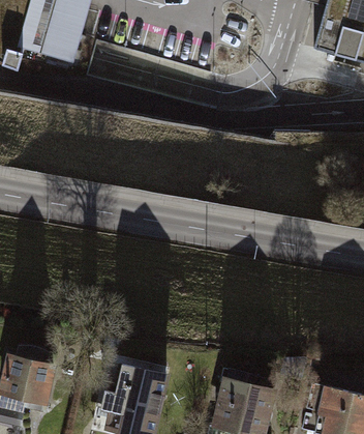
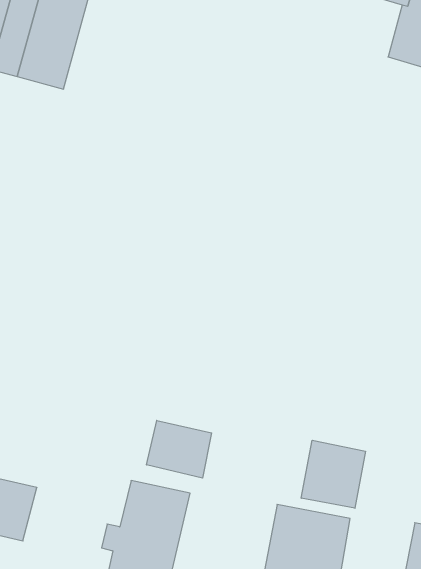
building: none -> [147,420,212,478]
building: none -> [301,440,365,508]

